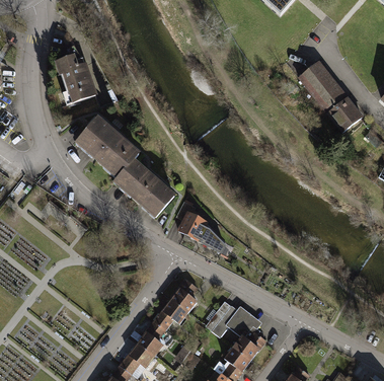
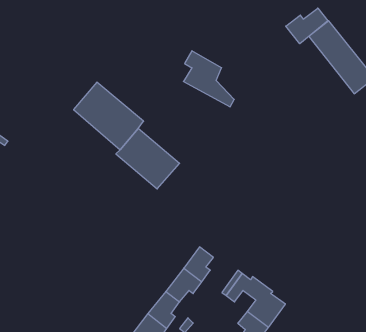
building: [53,45,95,108] -> none
building: none -> [286,8,328,44]
building: [175,199,224,252] -> [183,51,234,107]

